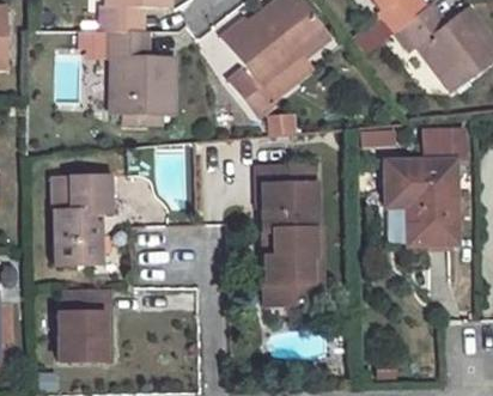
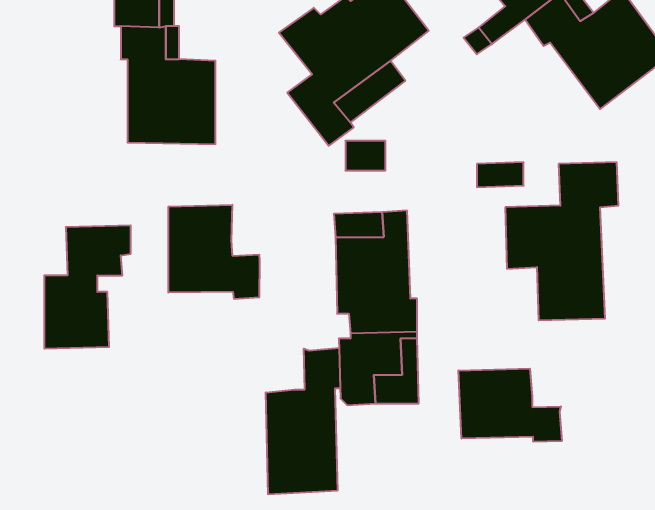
building: none -> [168,205,259,299]
building: none -> [266,348,340,494]
building: none -> [458,369,562,442]
building: [56,288,102,363] -> none

